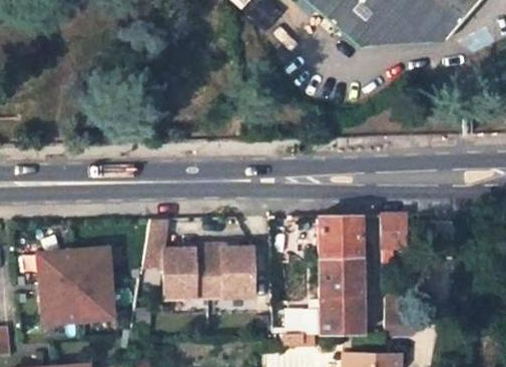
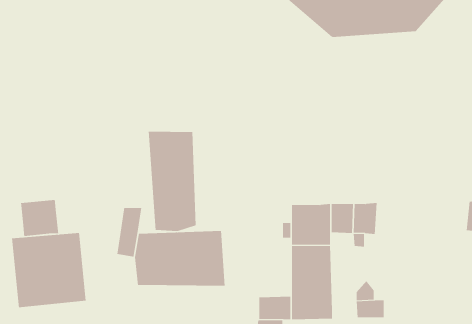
building: none -> [148,131,196,232]
building: none -> [20,199,59,237]

